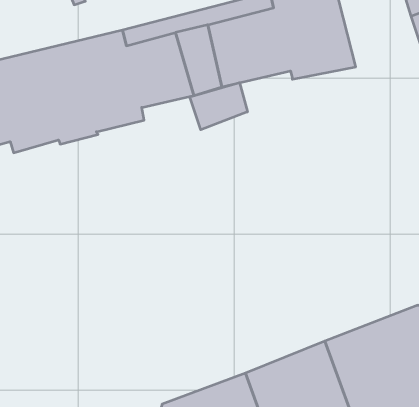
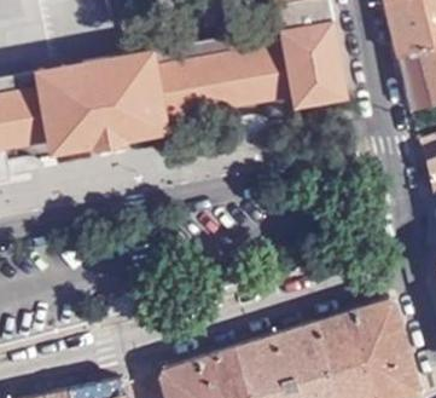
building: [190,83,247,130] -> none

